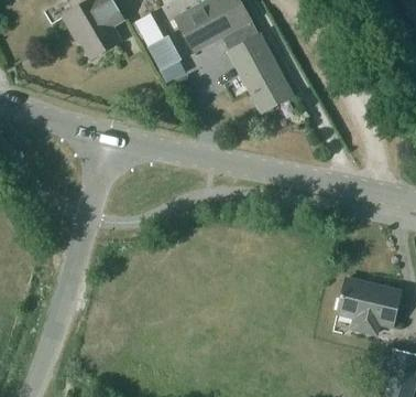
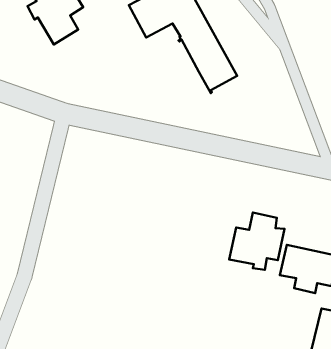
building: [140,24,185,82] -> none
building: none -> [229,213,284,270]

